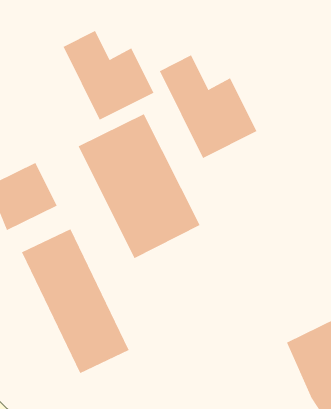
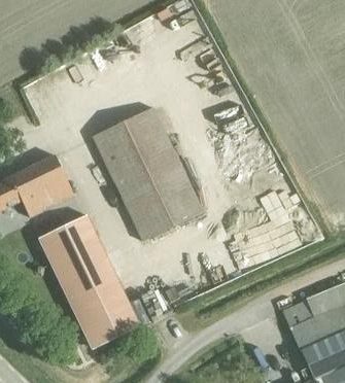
building: [63,30,154,120] -> none
building: [159,55,257,159] -> none

